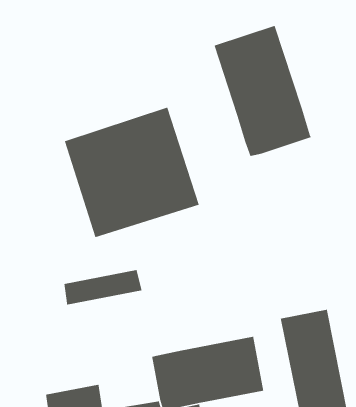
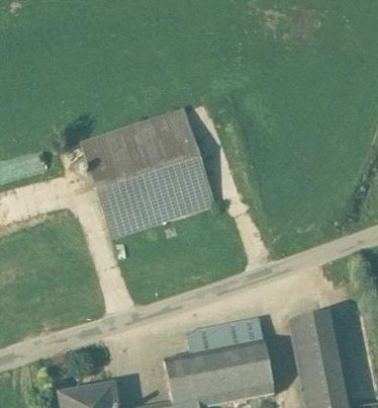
building: [214,25,312,157] -> none
building: [63,269,142,305] -> [188,316,265,351]

